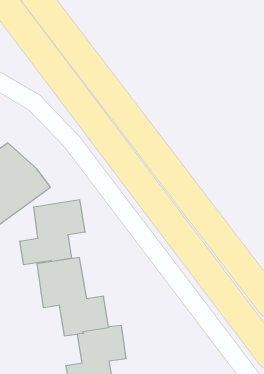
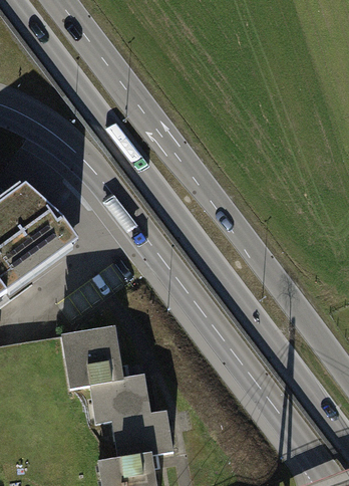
building: [20,200,85,265] -> none

